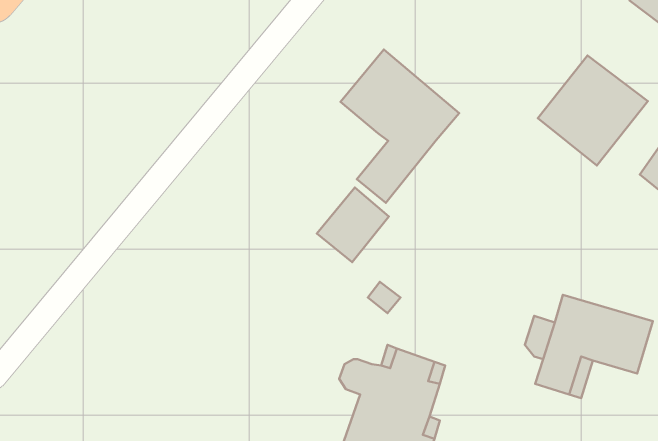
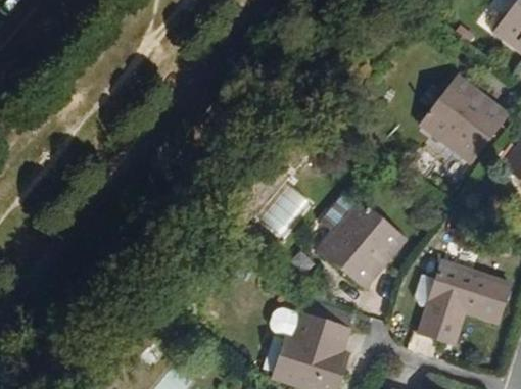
building: [341,49,459,203] -> none
building: none -> [318,194,402,289]

